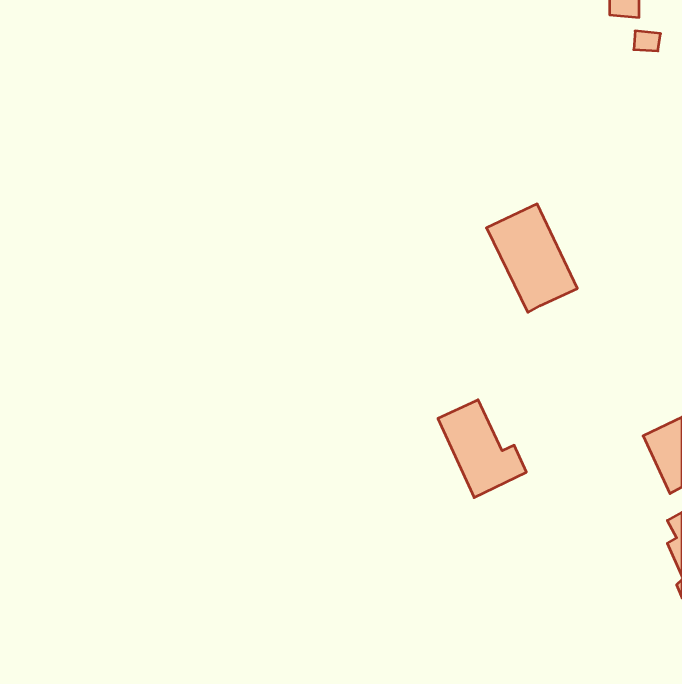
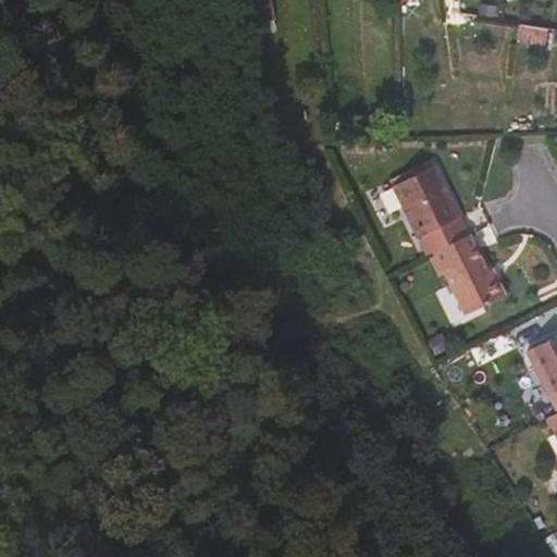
building: [438,400,526,498] -> [438,233,510,312]

